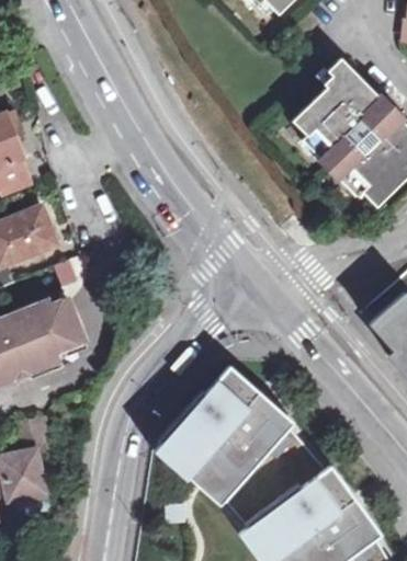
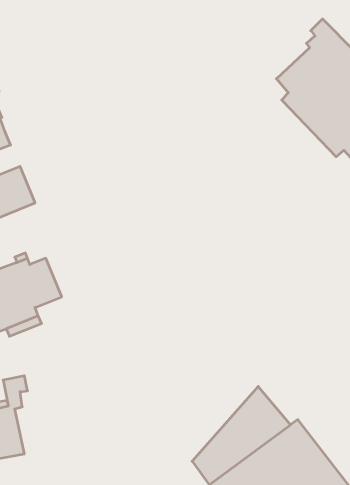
building: [150,365,290,507] -> none

